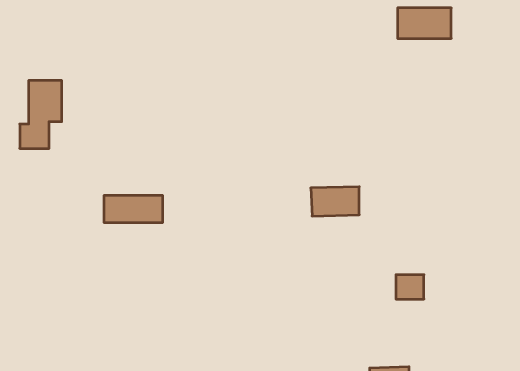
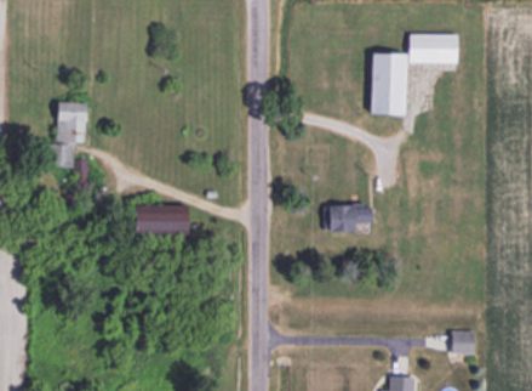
building: none -> [370,52,404,113]
building: [396,275,424,299] -> [450,329,476,352]

